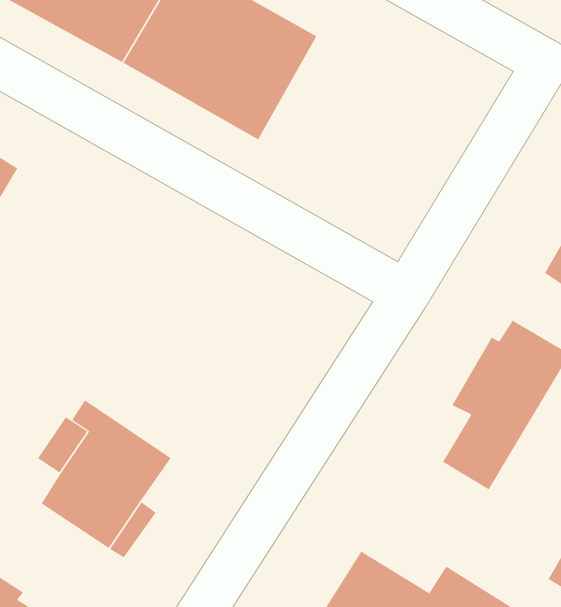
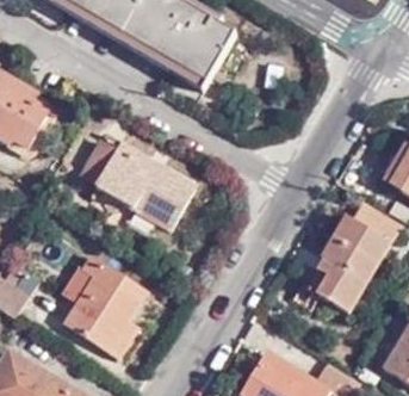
building: none -> [80,138,196,227]

